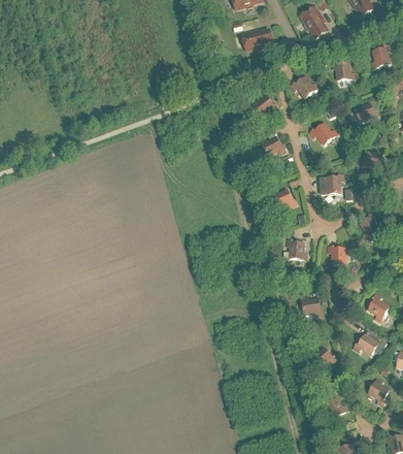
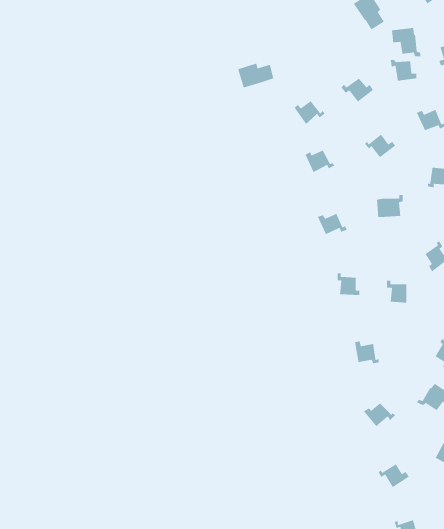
building: [241,28,272,50] -> [237,63,274,89]
building: none -> [391,27,421,57]

